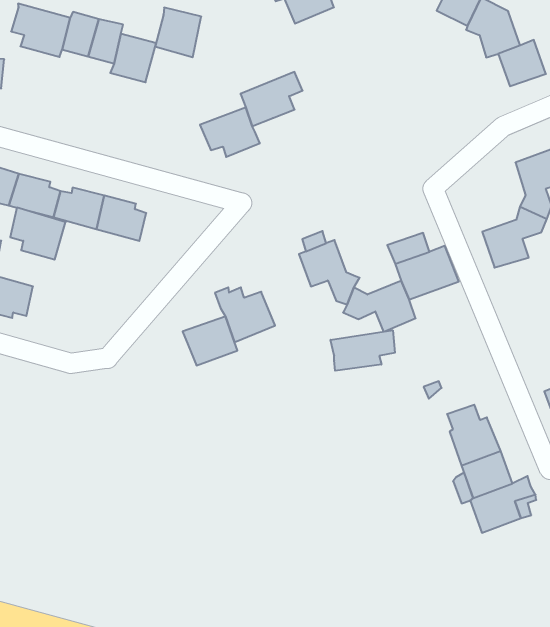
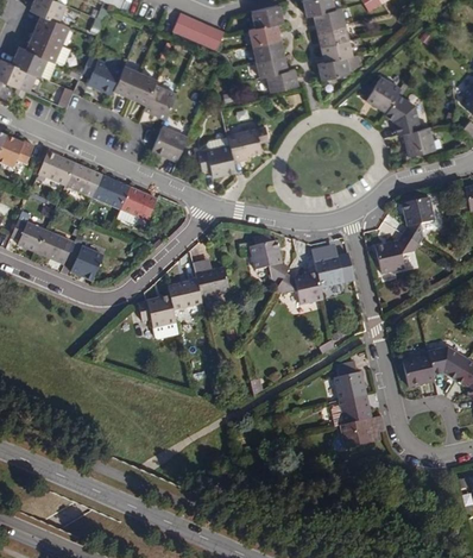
building: [155,8,201,57] -> [152,125,185,161]
building: [10,208,66,260] -> [64,243,102,281]
building: [331,330,395,371] -> none
building: none -> [137,296,175,328]

